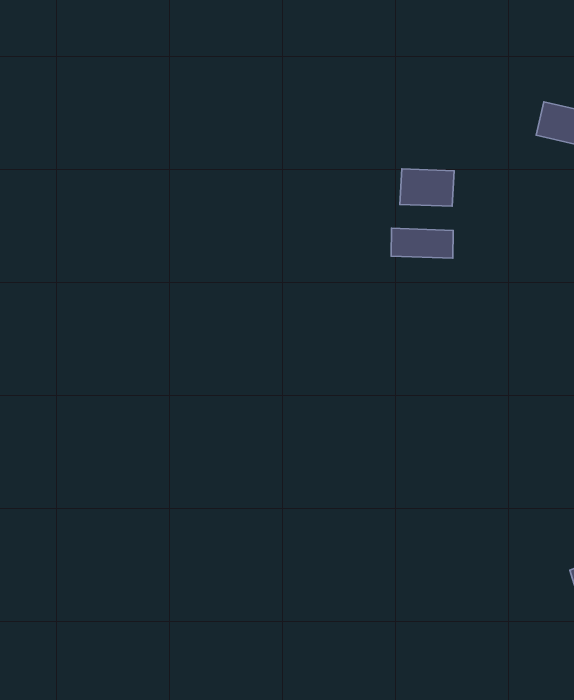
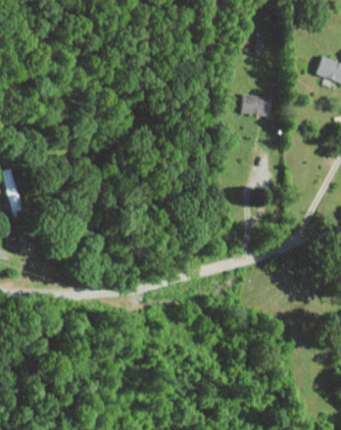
building: [391,228,453,258] -> none

